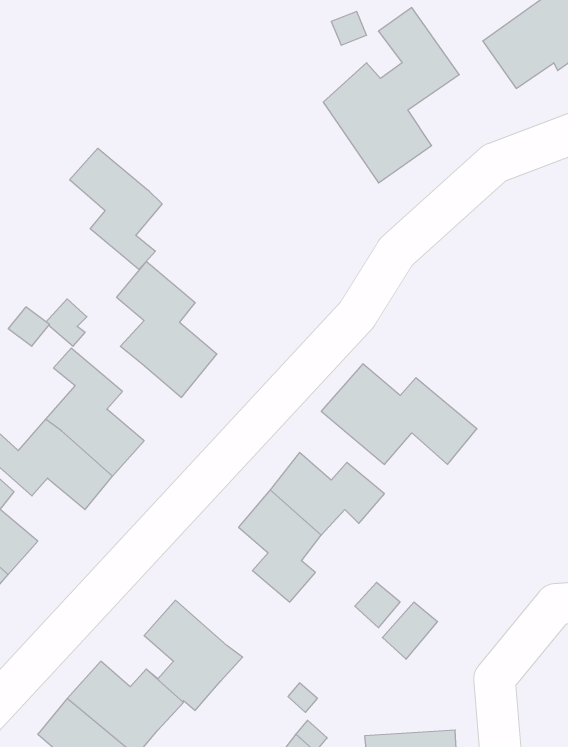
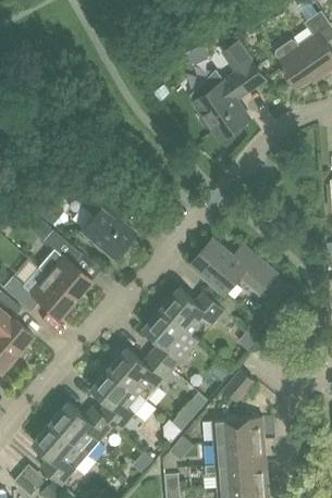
building: [70,148,162,269] -> none
building: none -> [109,348,172,400]
building: none -> [212,419,263,444]

